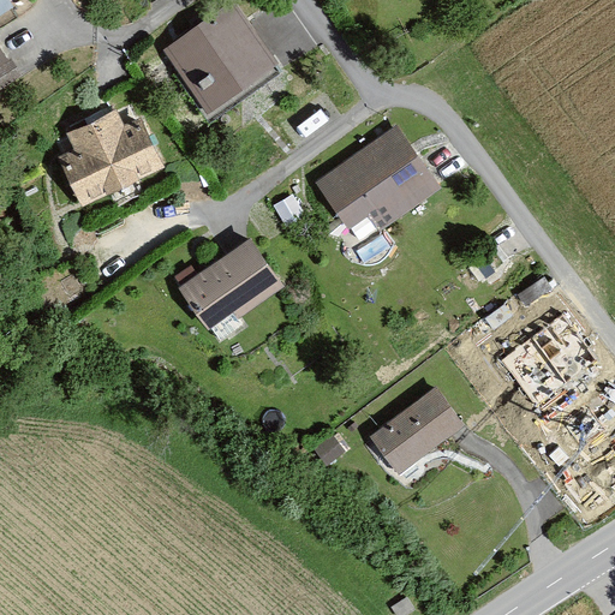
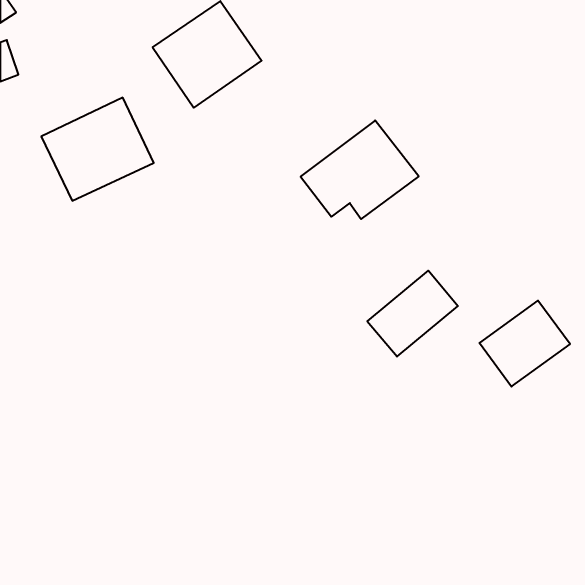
building: [180,238,286,338] -> none
building: [368,384,462,474] -> [367,271,458,357]

